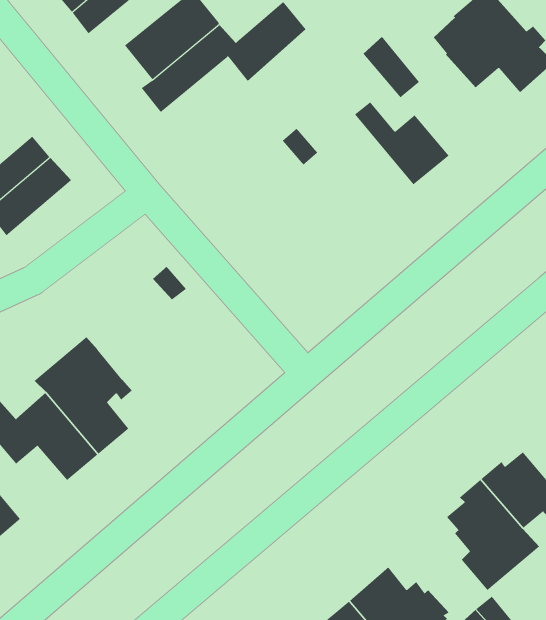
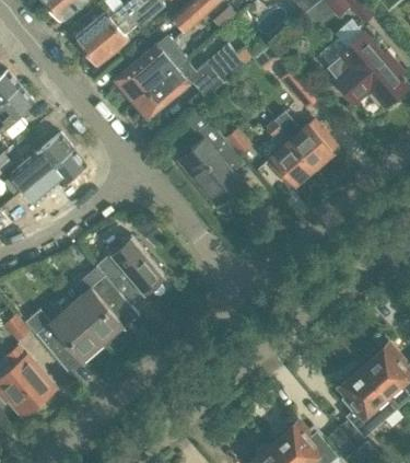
building: none -> [268,119,315,182]
building: none -> [179,121,244,206]
building: none -> [96,235,166,296]

